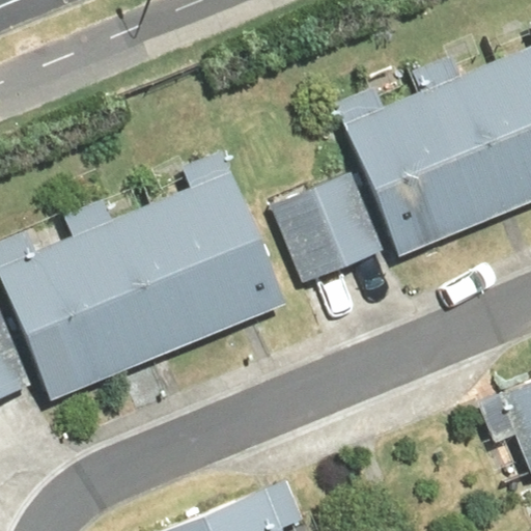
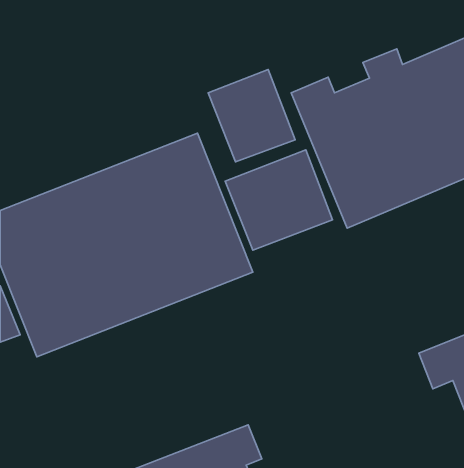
building: none -> [208,70,295,162]

